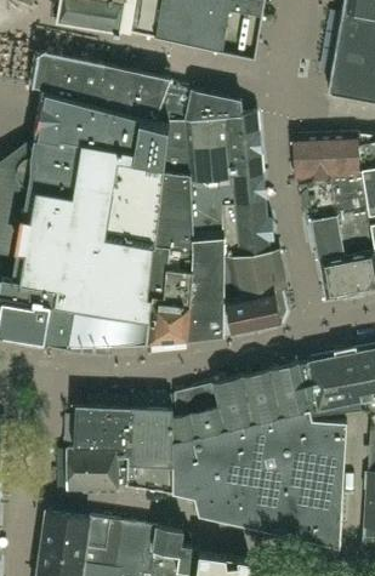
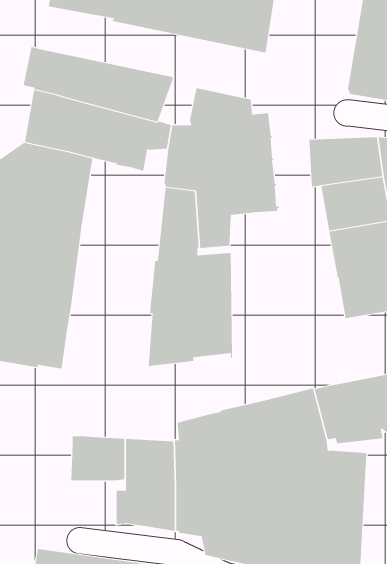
building: [69,146,165,347] -> none
building: [223,203,288,335] -> none
building: [68,447,126,492] -> none

